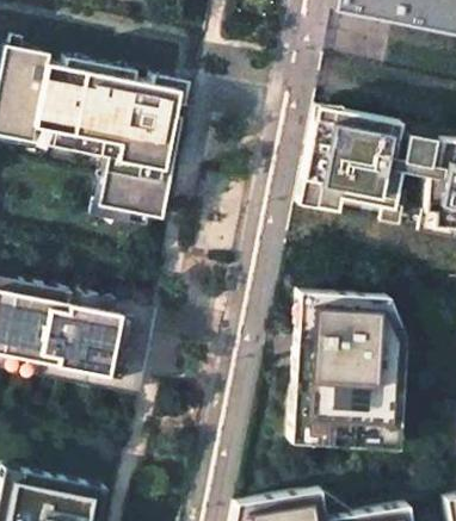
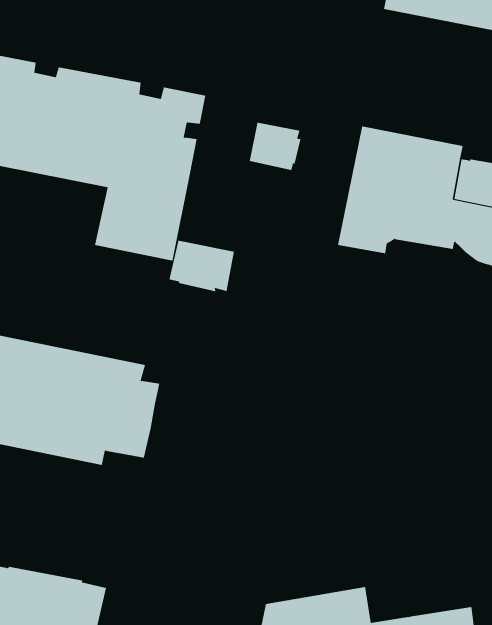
building: none -> [249,122,301,171]
building: none -> [169,240,234,292]
building: [291,290,406,447] -> none

